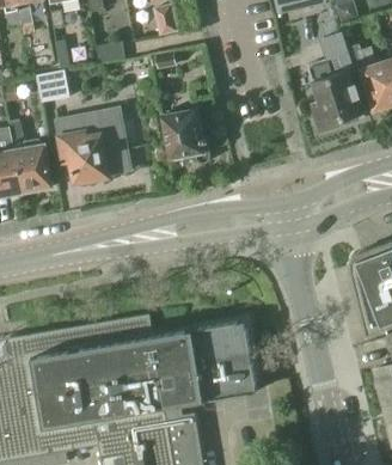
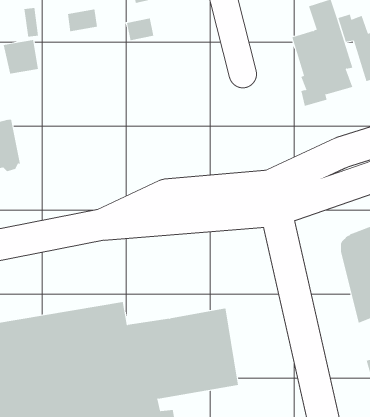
building: [57,109,131,184] -> none
building: [161,109,210,161] -> none

